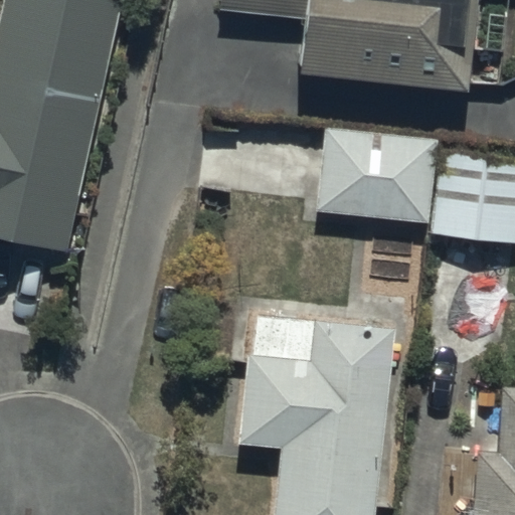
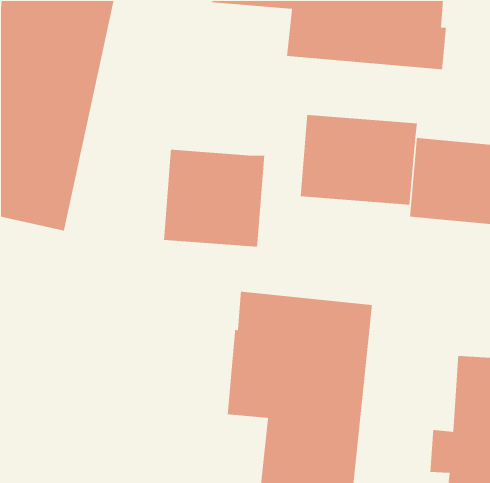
building: none -> [163,149,265,248]

